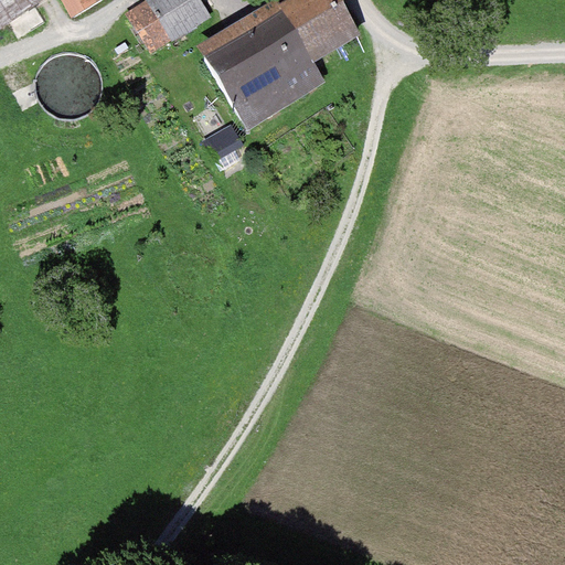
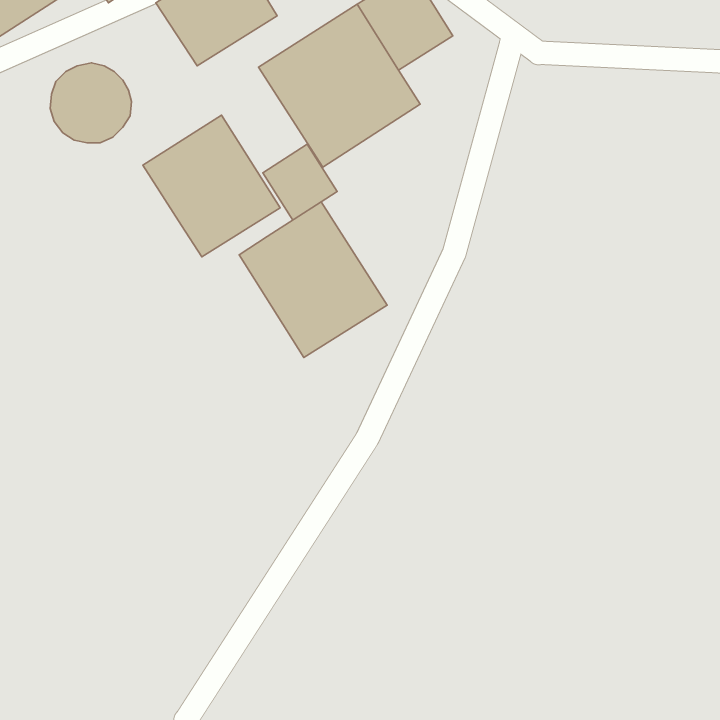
building: none -> [143,115,280,257]
building: none -> [239,202,387,358]

